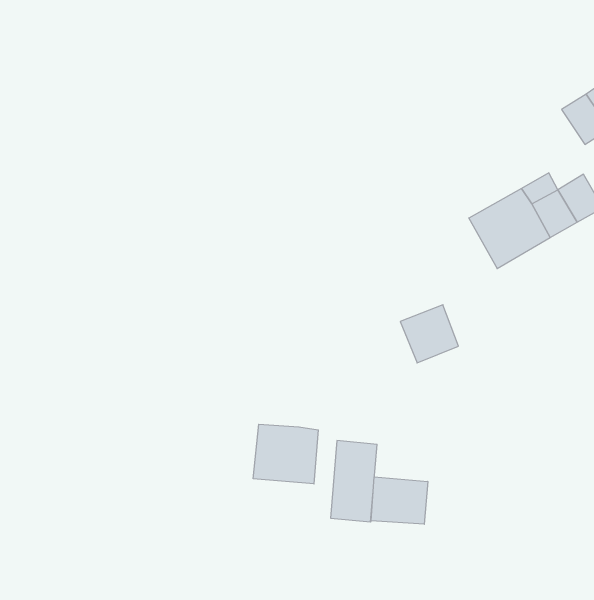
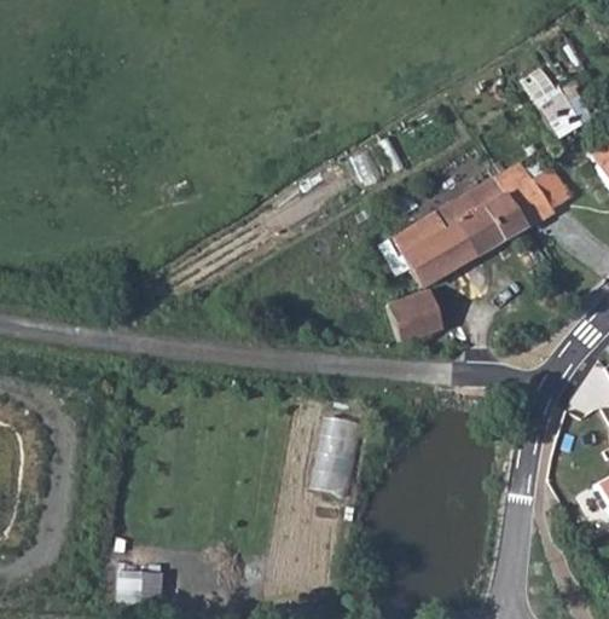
building: none -> [391,207,477,287]
building: [253,424,318,484] -> none
building: [371,477,428,524] -> none

